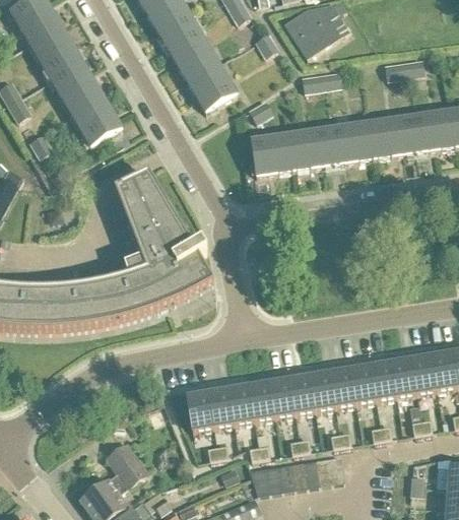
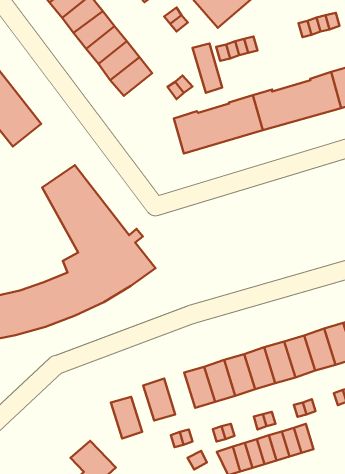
building: none -> [193,44,222,93]
building: [207,387,234,427] -> [111,397,142,439]

